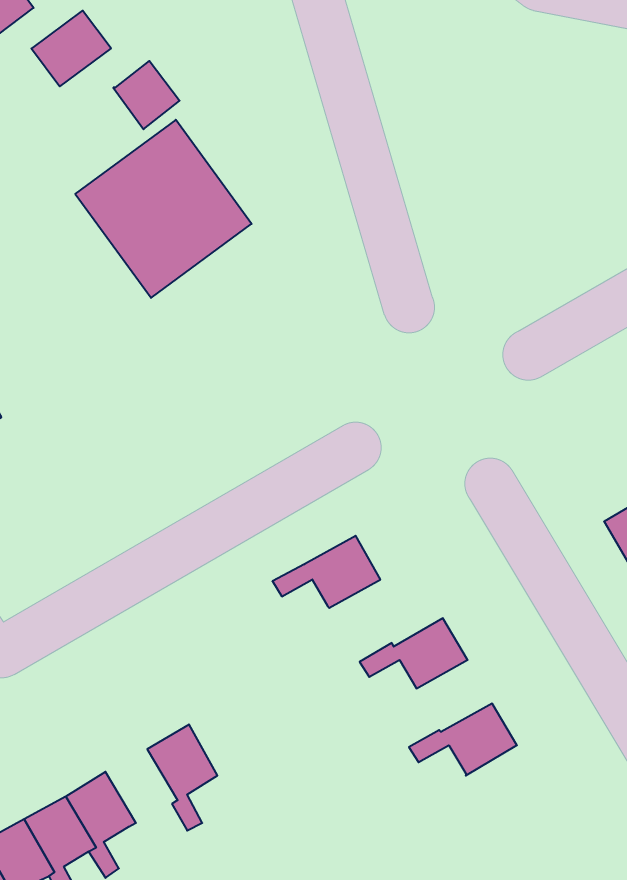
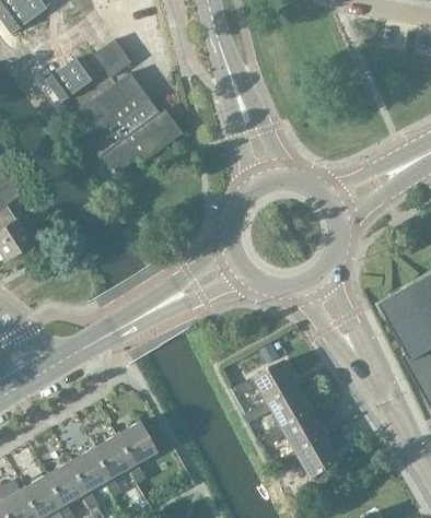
building: [31,11,111,86] -> [48,59,94,103]
building: [272,536,380,608] -> [252,385,314,426]
building: none -> [280,434,342,476]
building: none -> [91,436,132,506]

